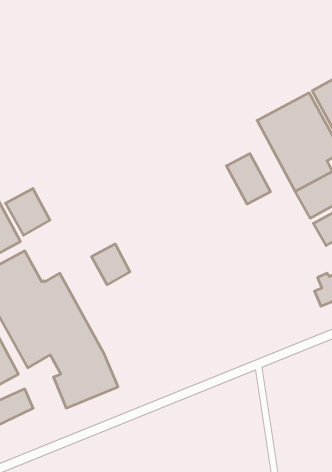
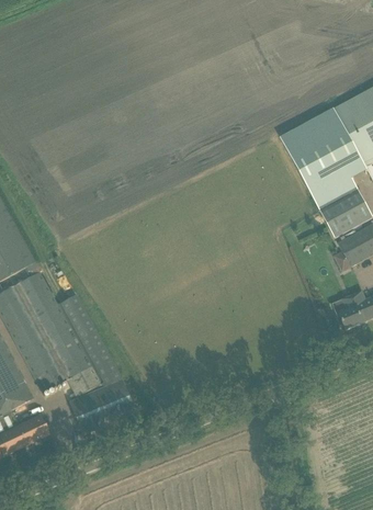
building: [226,154,270,204] -> none
building: [5,188,50,235] -> none
building: [92,244,130,285] -> none

